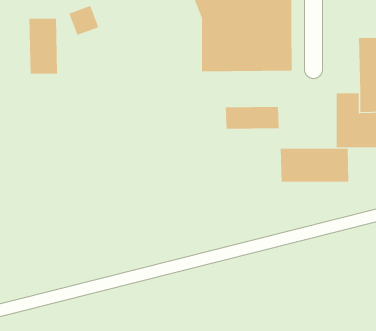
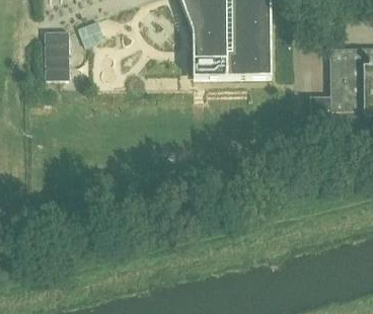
building: [225,106,279,130] -> none
building: [280,148,349,182] -> none

